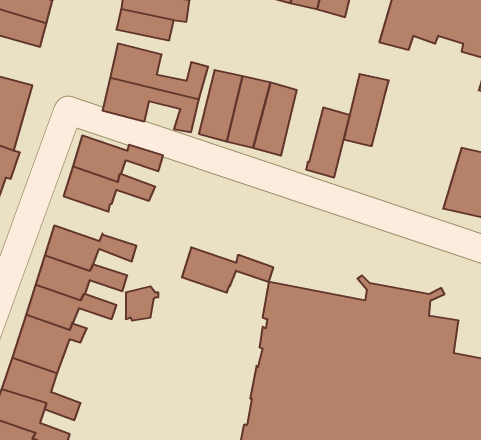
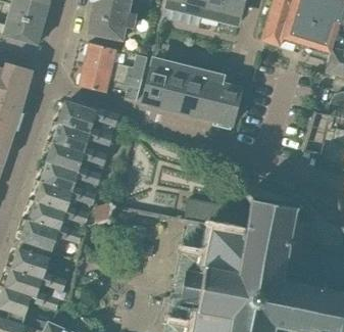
building: [344,74,389,146] -> [196,74,226,121]
building: [182,247,273,293] -> [47,143,107,173]

